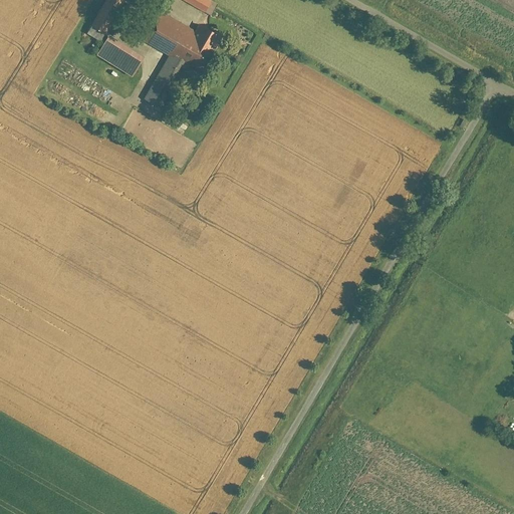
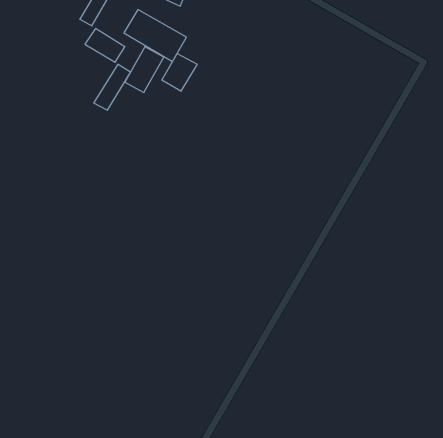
building: none -> [162,53,197,91]
building: none -> [94,64,131,110]

